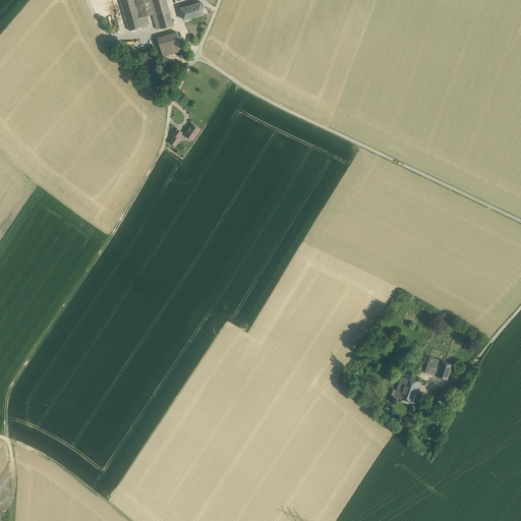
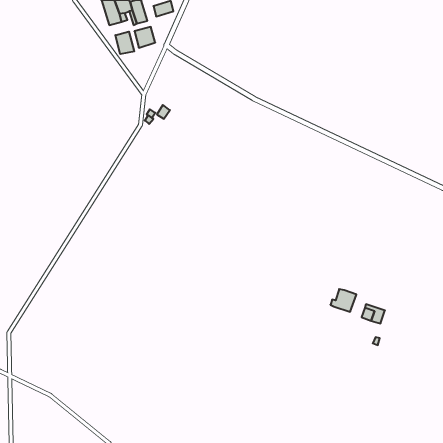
building: none -> [115,32,134,54]
building: [391,377,421,403] -> [330,289,356,312]

